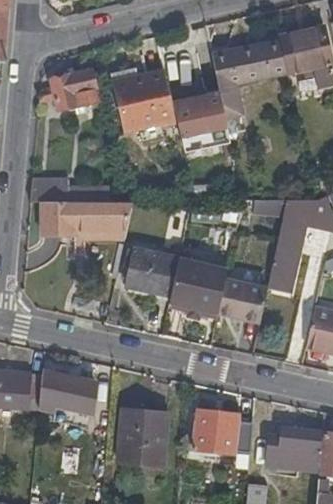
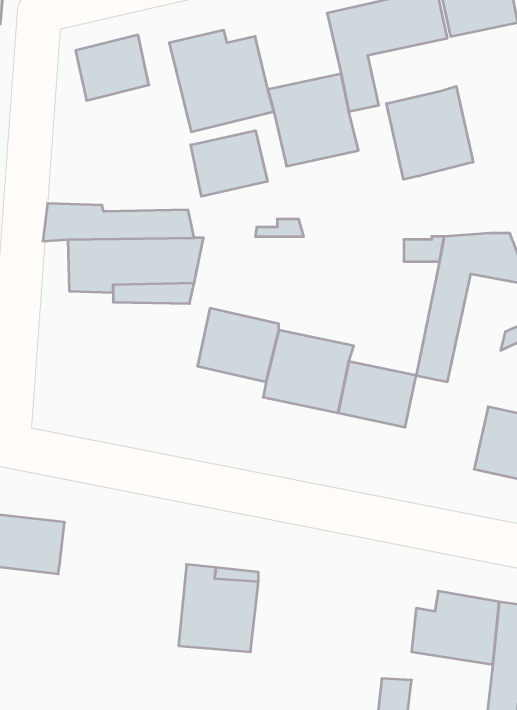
building: none -> [387,86,473,179]
building: none -> [191,131,267,196]
building: [40,372,97,413] -> none
building: [195,409,249,456] -> none

